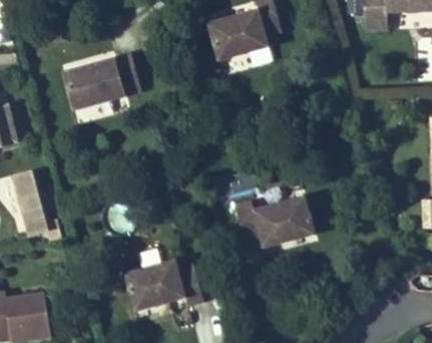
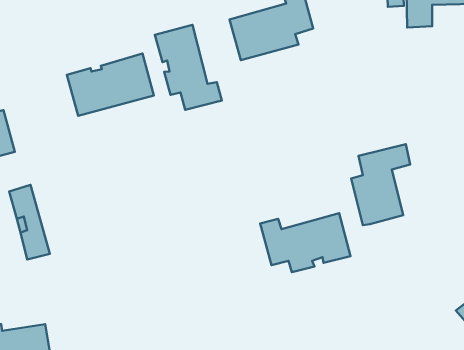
building: none -> [155,25,222,110]
building: none -> [351,144,410,225]
building: [124,254,203,310] -> none

